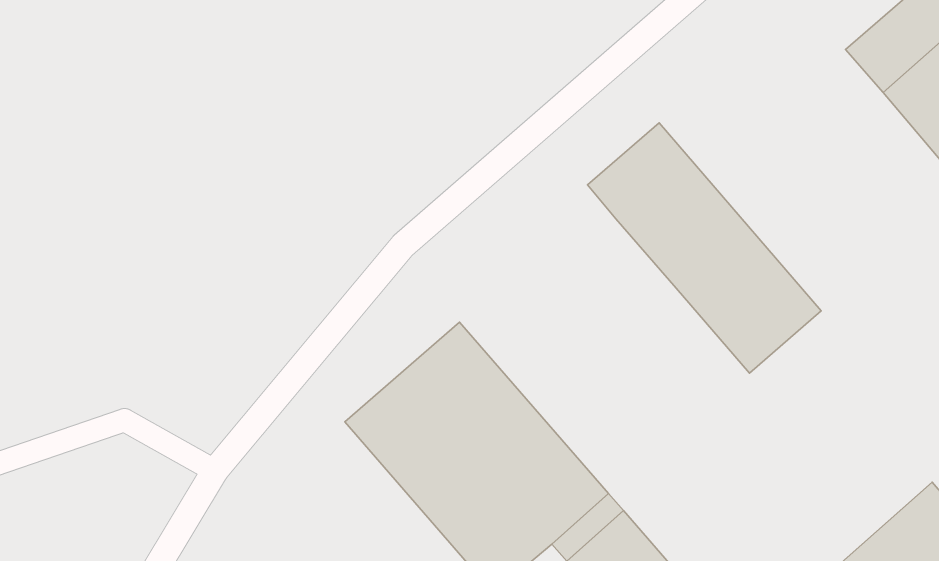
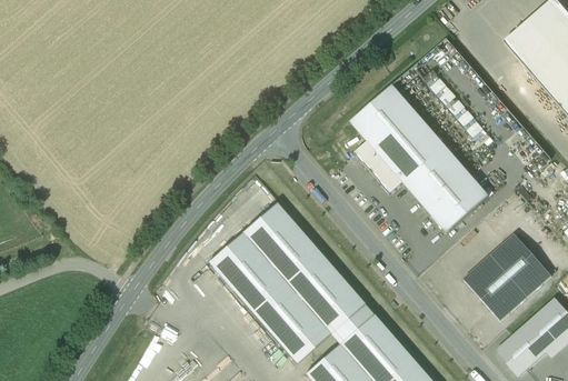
building: none -> [355,141,403,194]
building: none -> [464,232,551,319]

